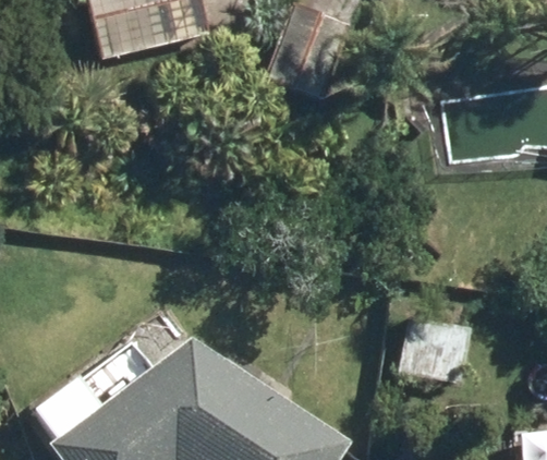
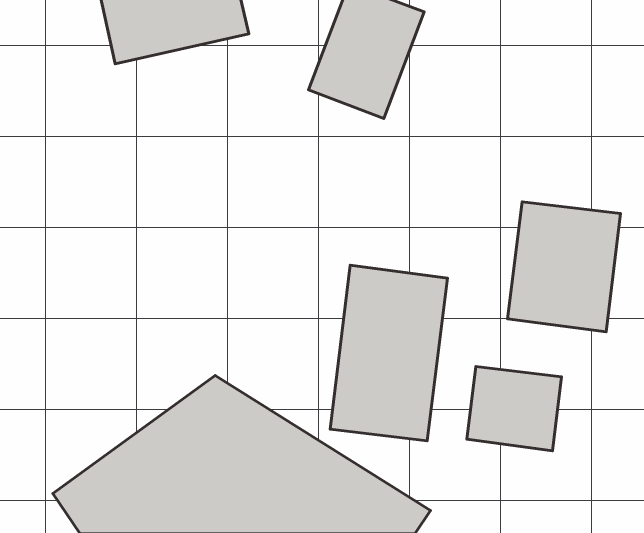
building: none -> [508,202,621,332]
building: none -> [330,265,448,441]

